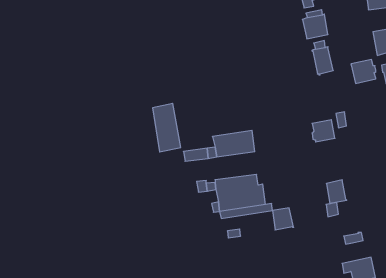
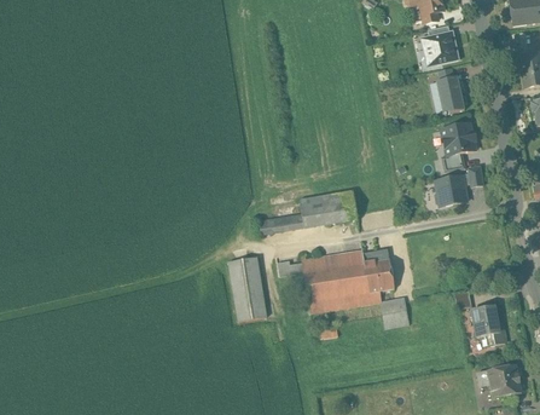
building: [351,60,376,83] -> [441,123,475,156]
building: [153,103,181,152] -> [228,257,267,323]
building: none -> [359,249,395,293]
building: [326,180,347,204] -> [471,305,499,338]

